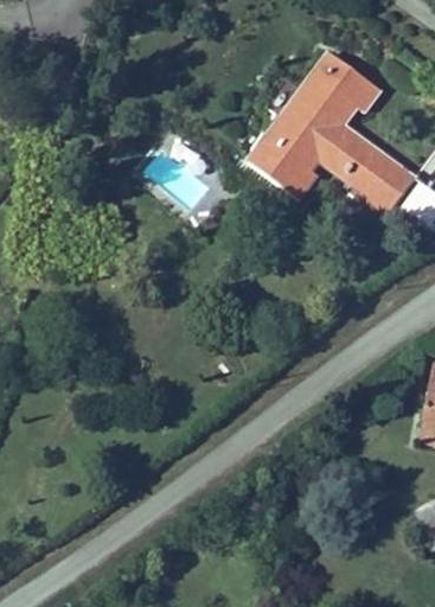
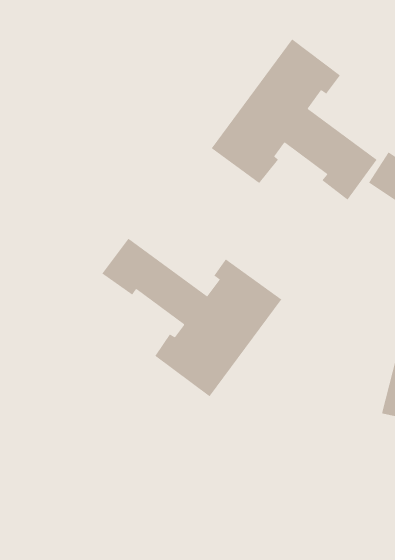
building: none -> [102,238,282,397]

